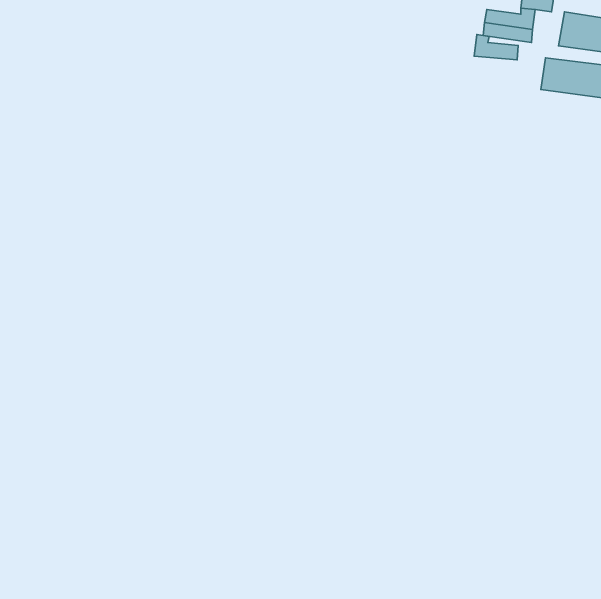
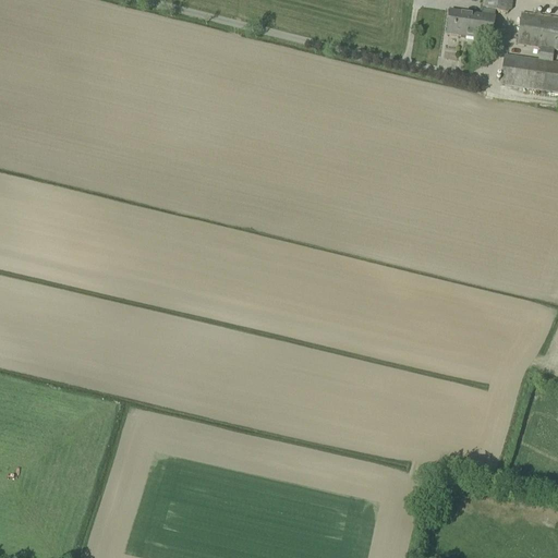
building: [474,34,518,60] -> none

